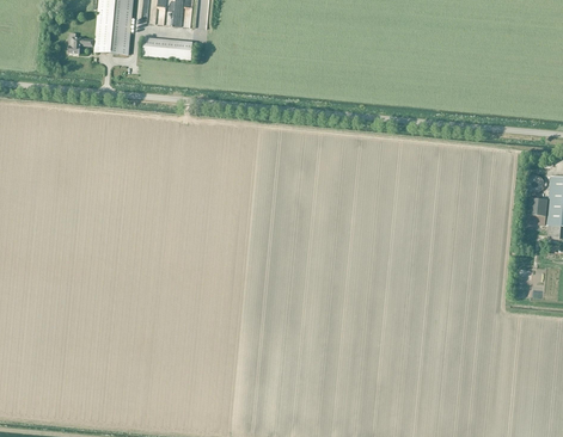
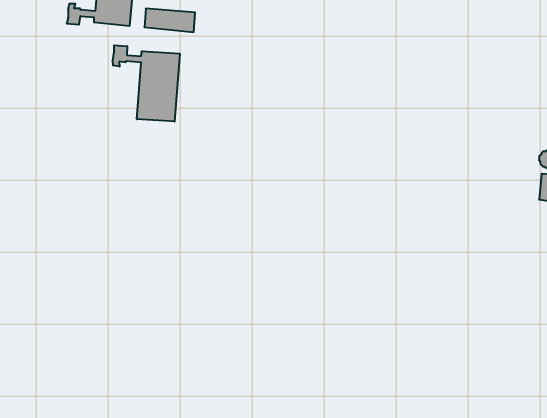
building: none -> [113,45,180,122]

